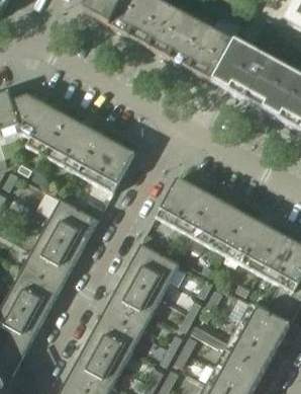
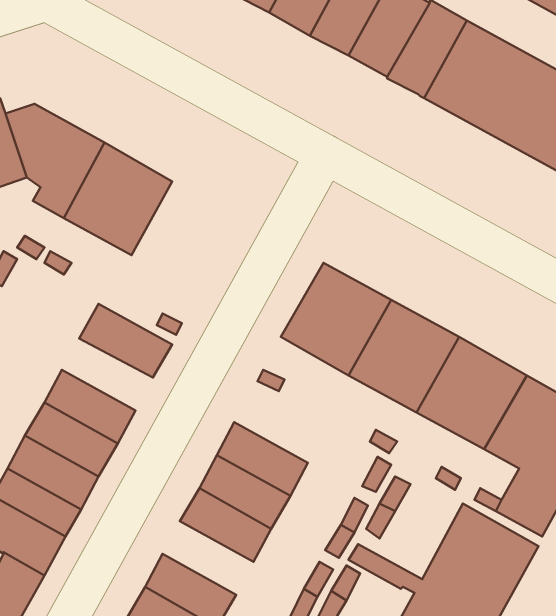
building: [79,133,135,190] -> none
building: [42,215,90,252] -> none
building: [132,241,181,280] -> none
building: [95,310,142,348] -> none

